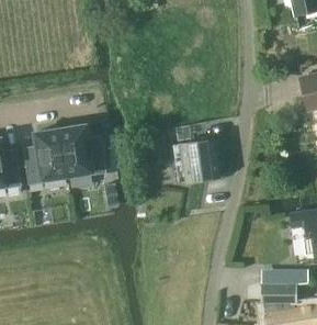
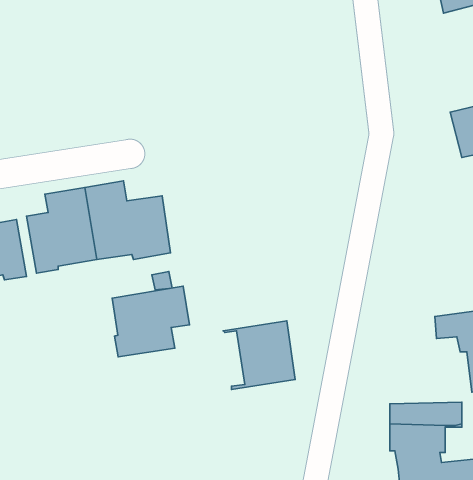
building: [172,138,219,183] -> [223,321,295,389]
building: none -> [112,286,189,357]

